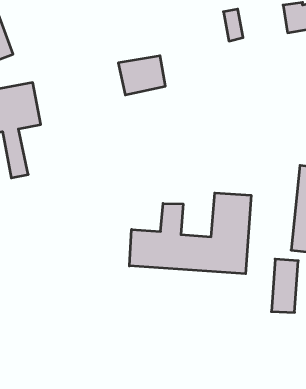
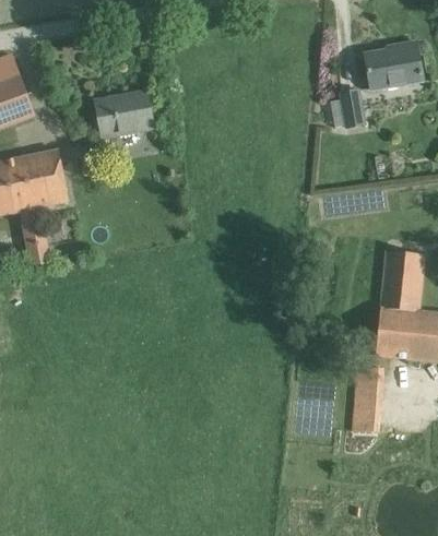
building: [223,9,243,41] -> [340,88,364,128]
building: [118,56,165,95] -> [95,91,153,139]
building: [129,193,251,274] -> none

